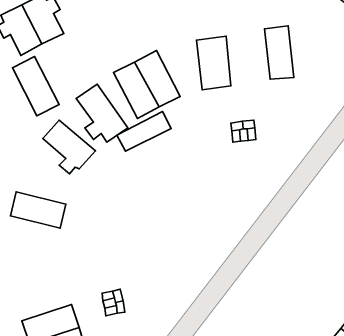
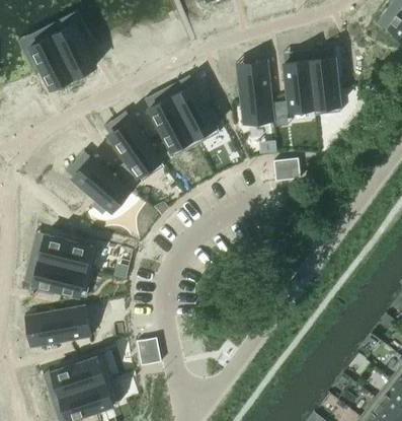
building: none -> [283,60,314,114]
building: [12,57,59,116] -> none
building: [117,112,171,151] -> none
building: none -> [32,259,91,296]
building: none -> [33,304,90,345]

